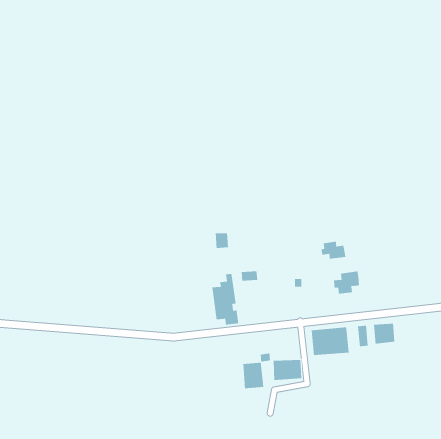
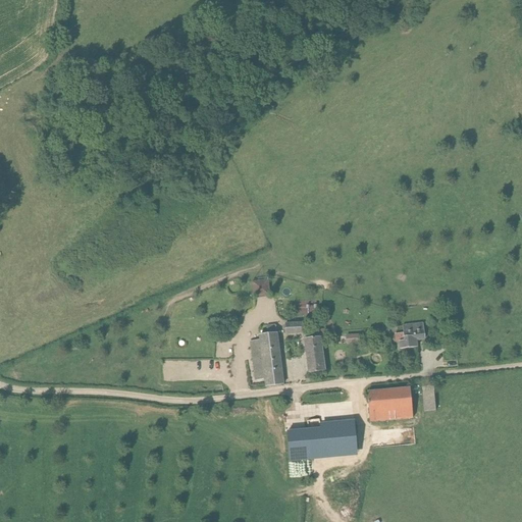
building: [321,241,346,260] -> none
building: none -> [304,326,326,372]
building: [374,323,395,344] -> none

